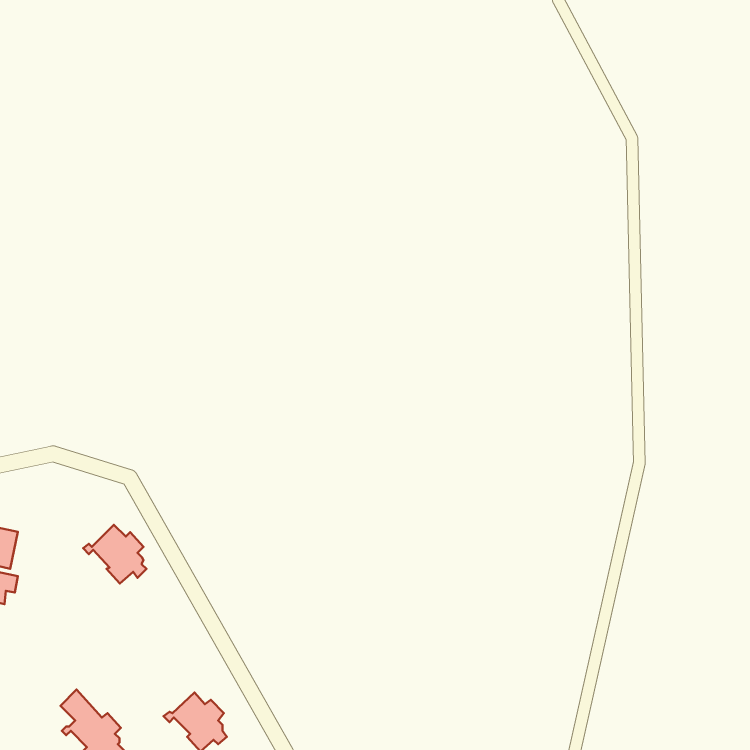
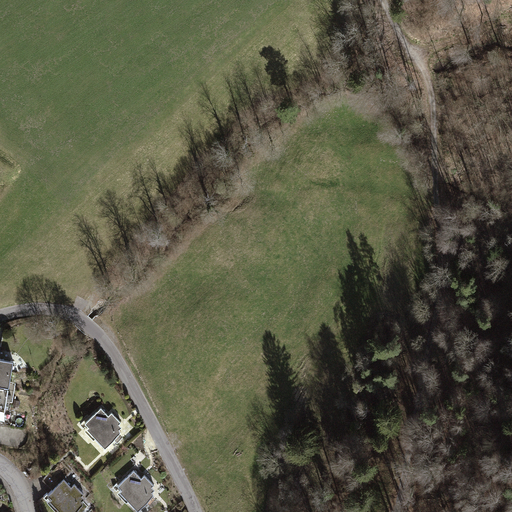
building: [83,525,146,584] -> [78,409,121,449]

